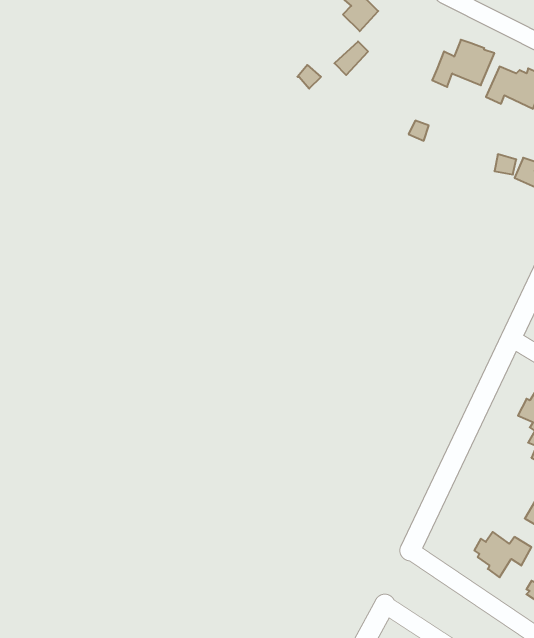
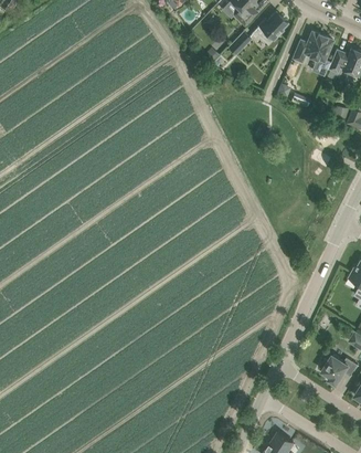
building: none -> [251,13,287,41]

